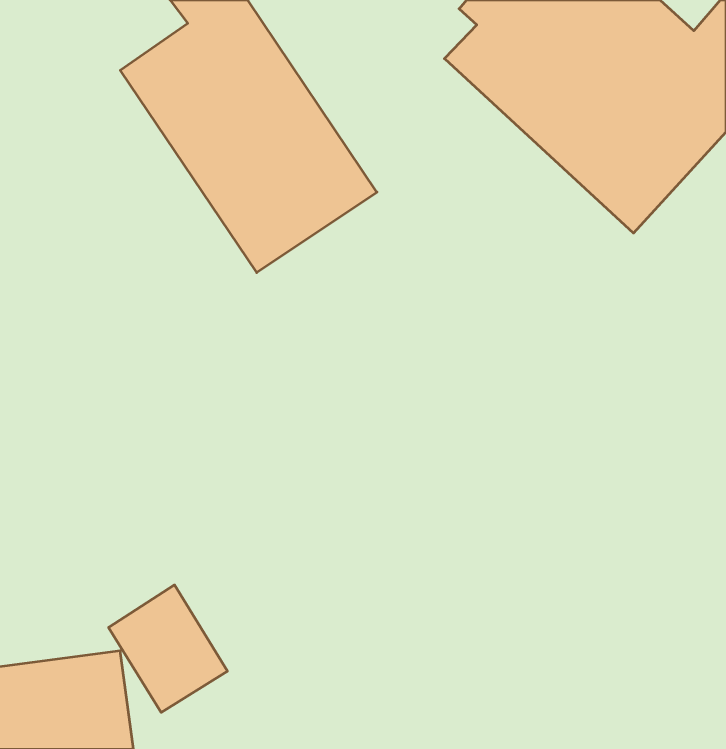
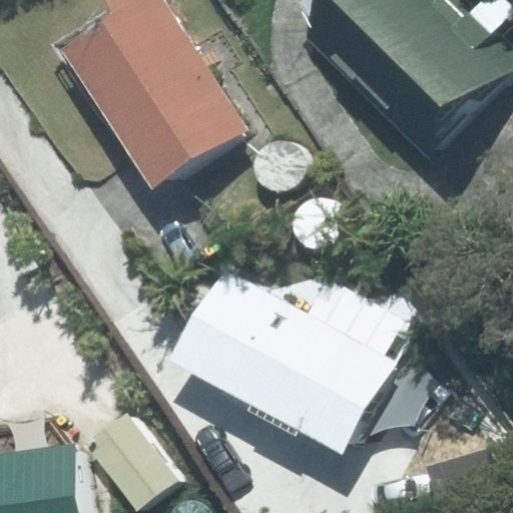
building: none -> [188,274,407,450]

